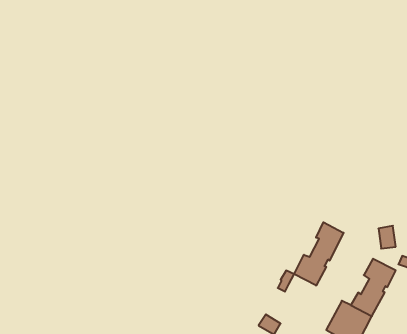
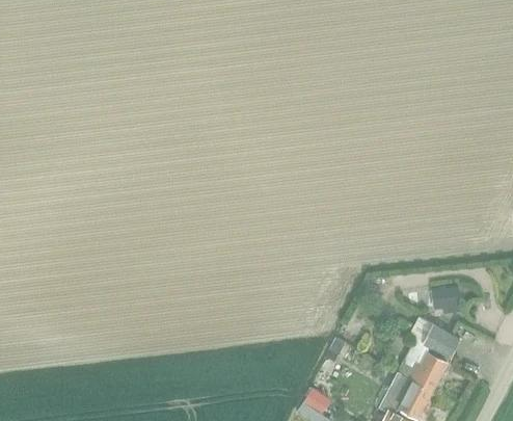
building: [294,222,344,286] -> none

